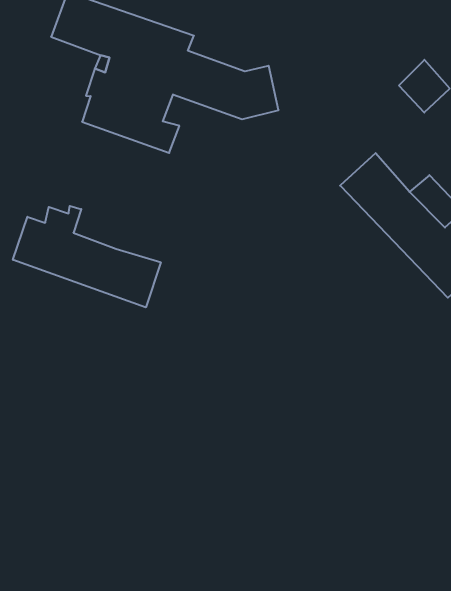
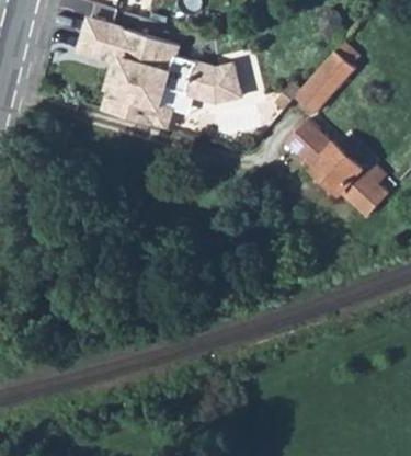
building: none -> [296,69,340,113]
building: [13,206,161,307] -> none

